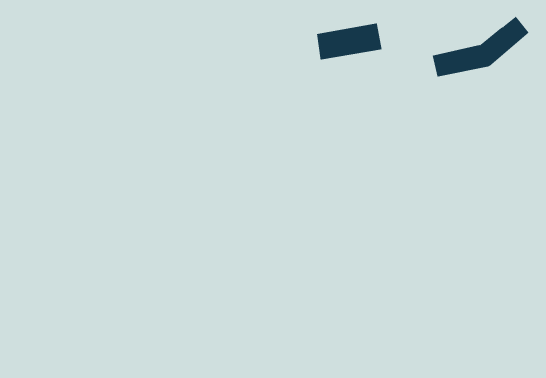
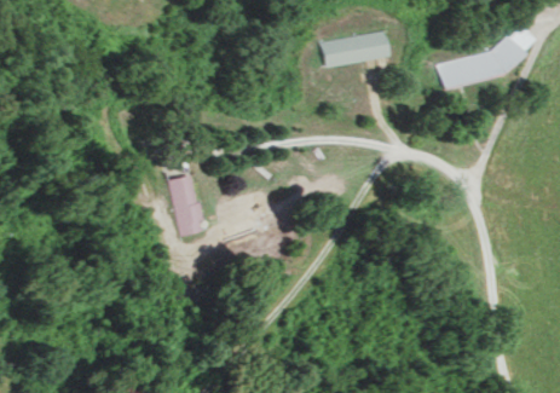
building: none -> [169,175,203,237]

